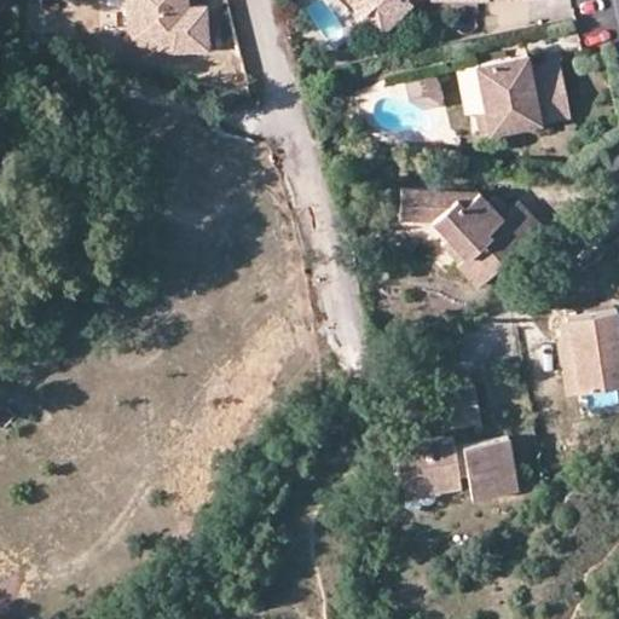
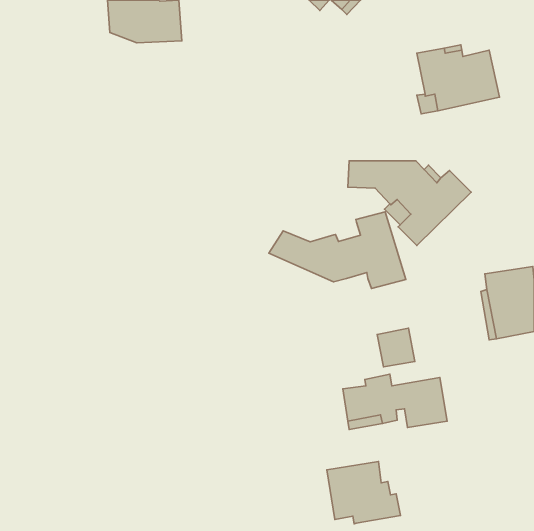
building: none -> [269,212,406,288]
building: none -> [327,462,401,524]

